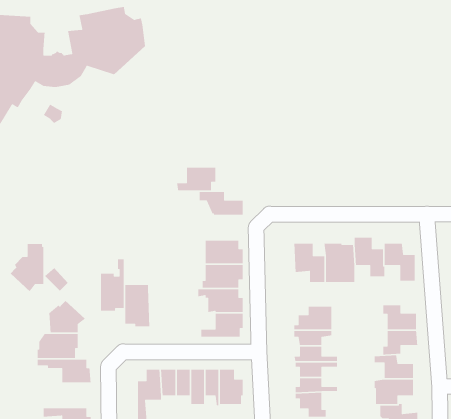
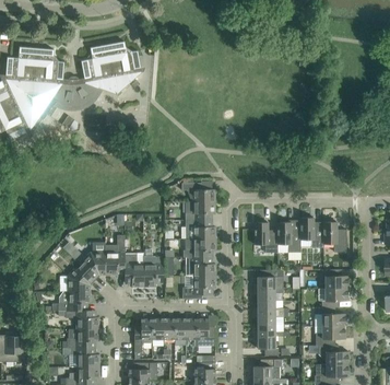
building: [176,167,216,191] -> [185,201,215,220]
building: [10,243,44,292] -> [80,243,106,280]
building: none -> [143,257,163,287]
building: none -> [62,329,99,348]

